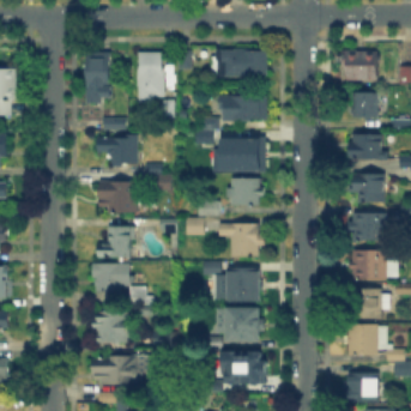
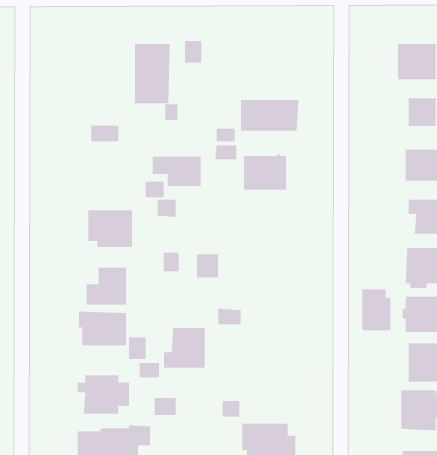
building: [83,53,109,99] -> none
building: [213,53,266,78] -> none
building: [97,139,137,163] -> [152,156,202,186]
building: [225,180,264,206] -> none
building: [217,223,258,259] -> none
building: none -> [362,288,391,331]
building: [226,271,260,303] -> [163,327,206,368]
building: [231,310,260,343] -> none

